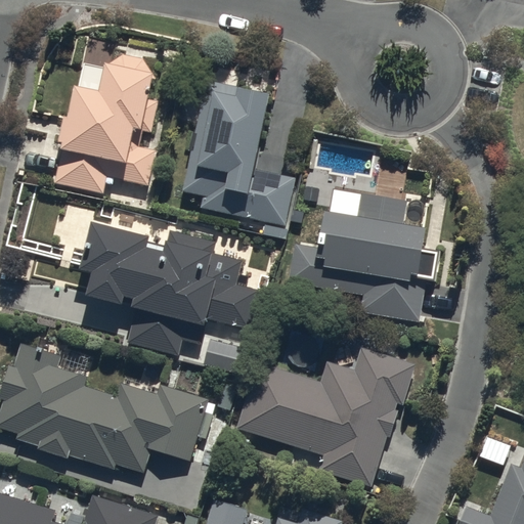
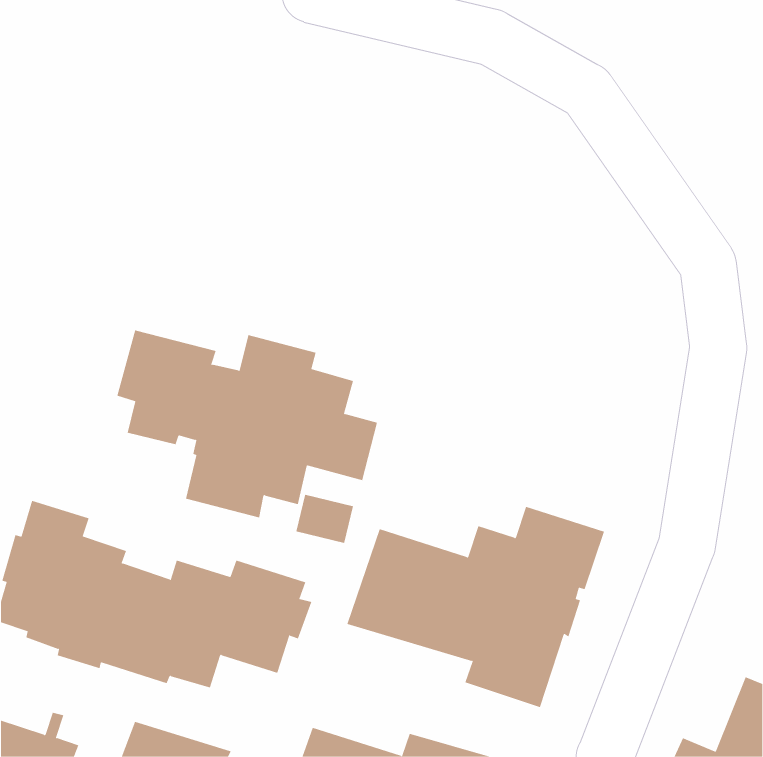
building: [54,54,157,193] -> none
building: [183,62,295,237] -> none
building: [290,193,440,320] -> none

